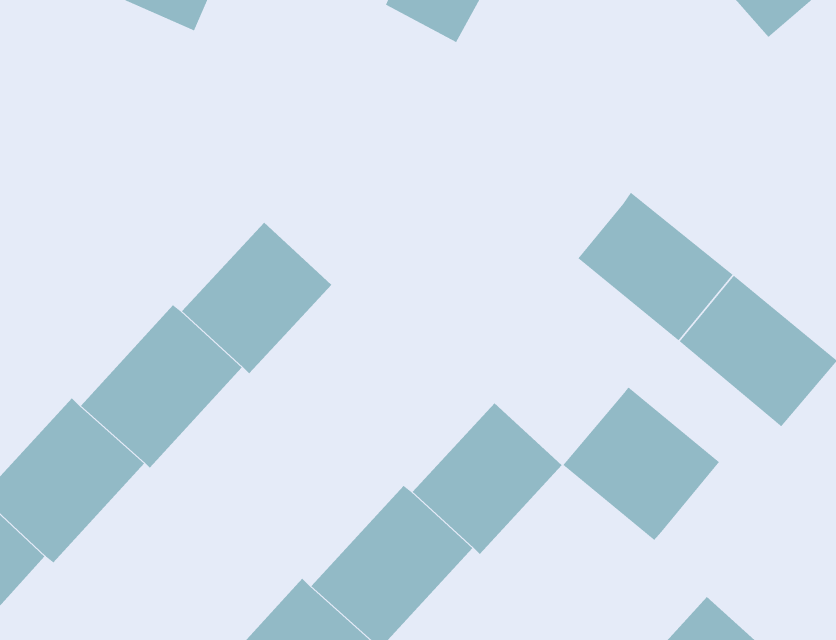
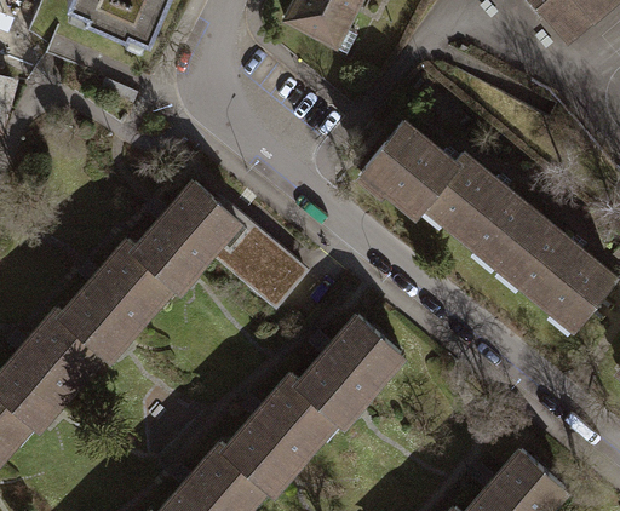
building: none -> [361,122,455,216]
building: none -> [216,225,306,303]
building: [563,386,720,541] -> none

